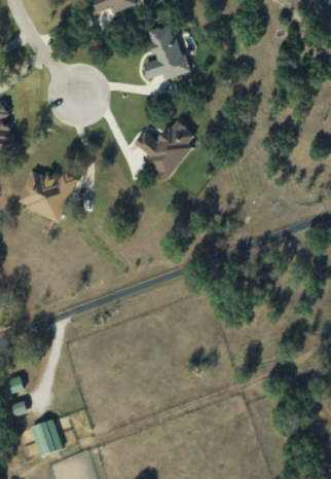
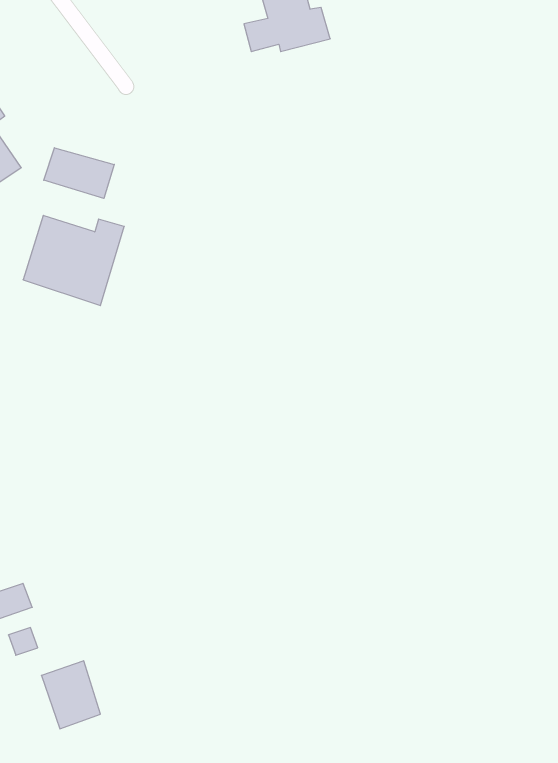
building: [135,119,195,180] -> none
building: none -> [44,148,114,198]

